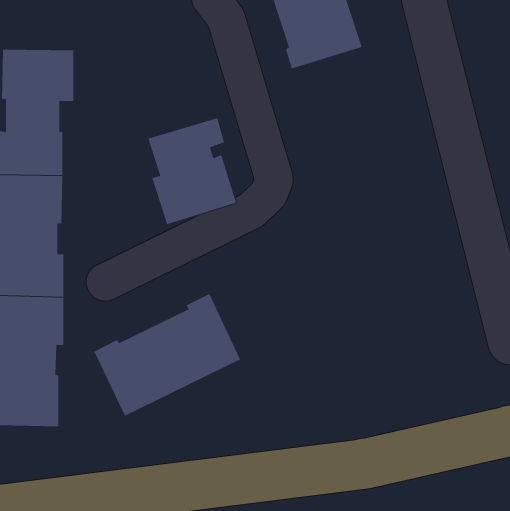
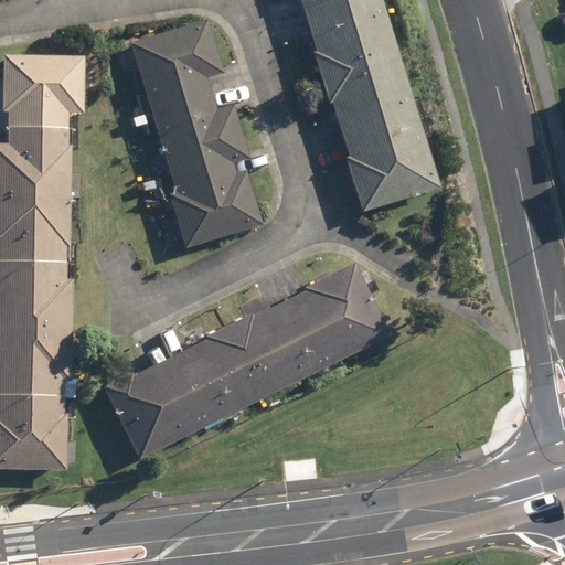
building: none -> [128,19,239,152]
building: none -> [320,52,440,210]
building: none -> [231,263,390,395]

